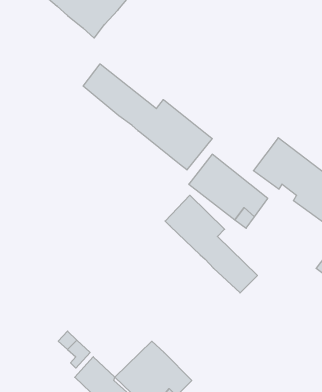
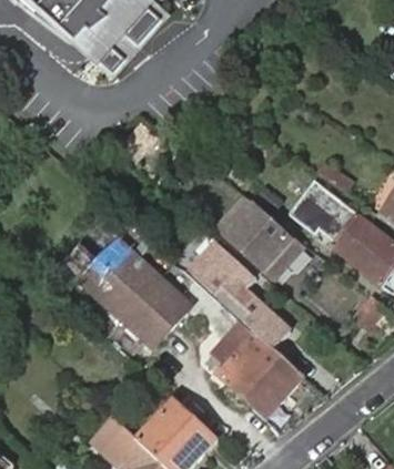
building: [83,64,212,170] -> none
building: none -> [82,236,194,346]
building: none -> [214,322,304,418]

